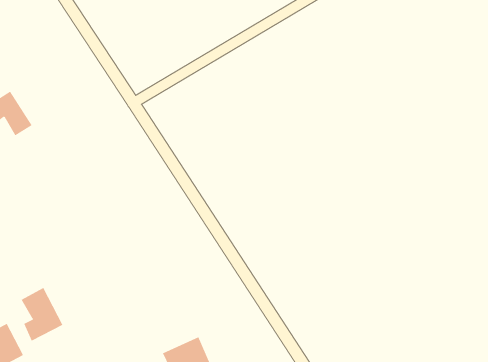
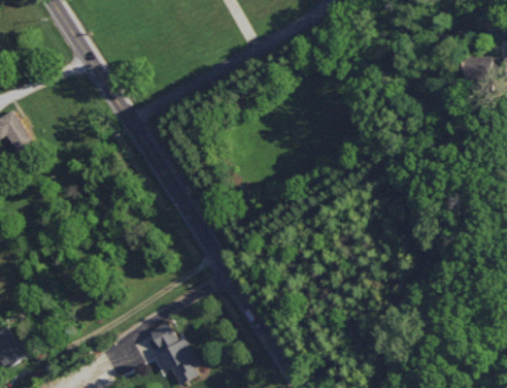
building: [21,287,63,342] -> none
building: none -> [149,320,177,349]

